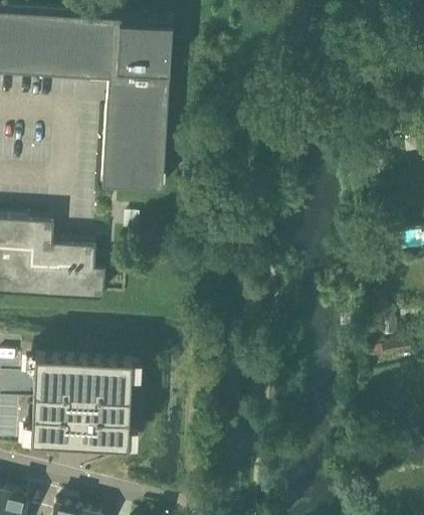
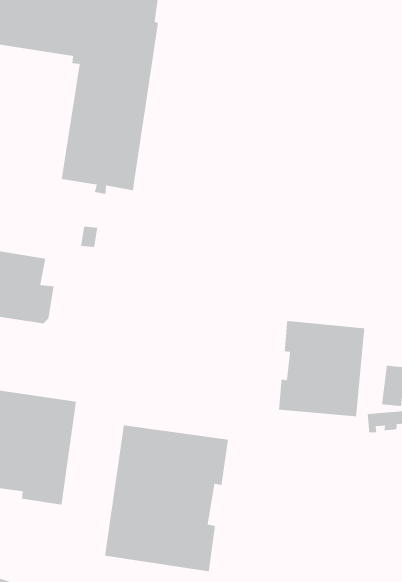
building: none -> [278,320,365,417]
building: none -> [104,425,229,572]

